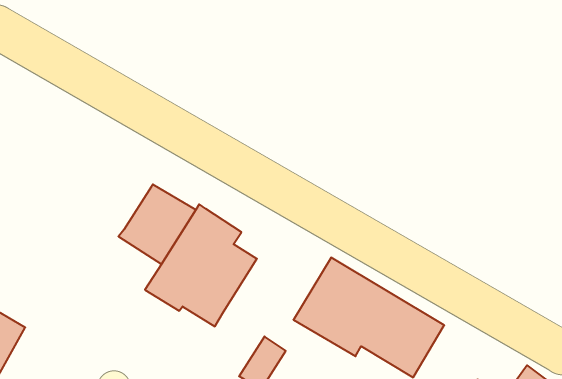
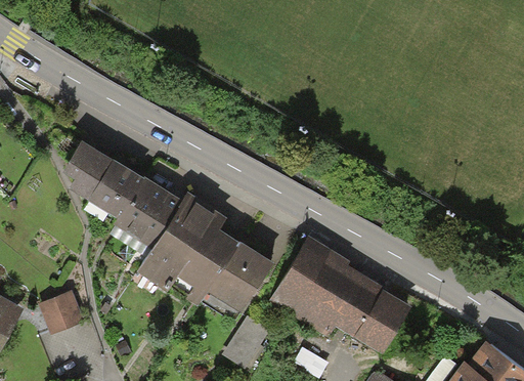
building: none -> [63,143,141,218]
building: none -> [208,245,272,314]
building: none -> [39,292,81,332]

